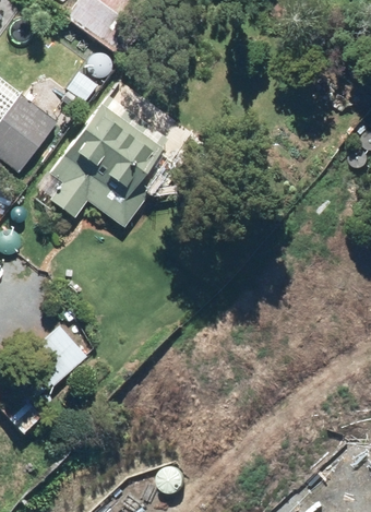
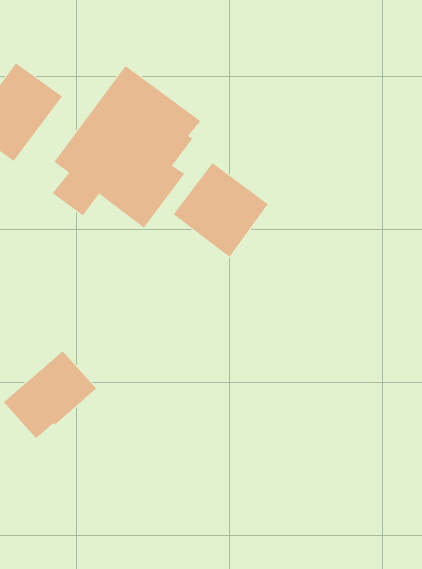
building: none -> [173,162,268,258]

